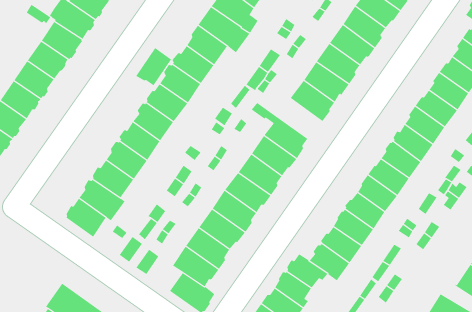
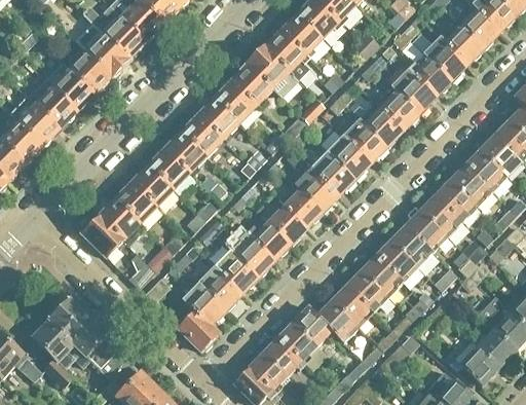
building: [136,47,172,86] -> none
building: none -> [309,151,354,195]

